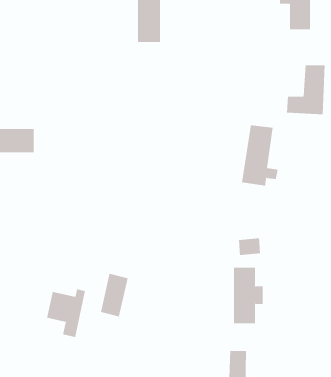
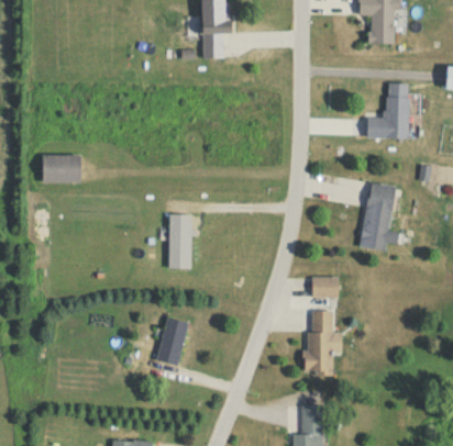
building: [241,125,279,186] -> [360,182,401,252]
building: none -> [169,214,192,268]
building: [46,289,85,338] -> none

